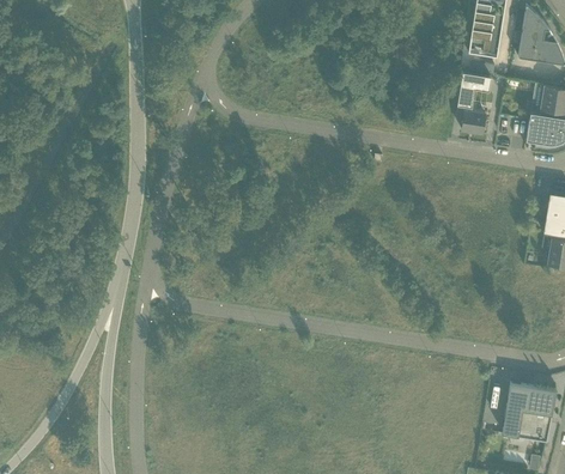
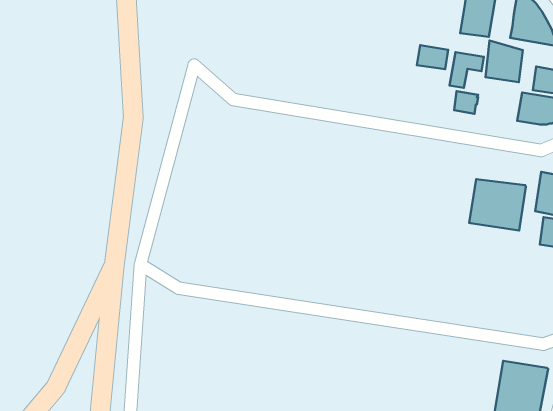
building: none -> [485,41,523,82]
building: none -> [417,45,448,69]
building: none -> [469,179,526,230]

